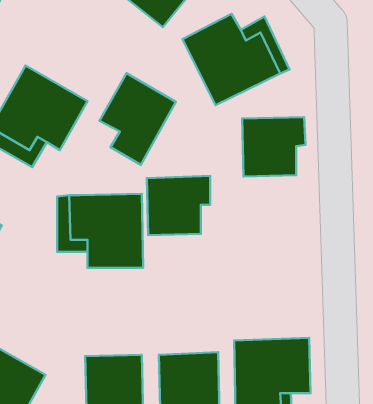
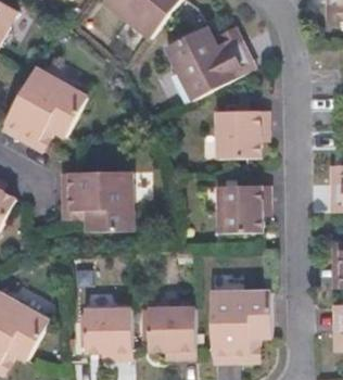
building: [99,73,176,165] -> none
building: [147,176,210,235] -> [215,186,267,235]

